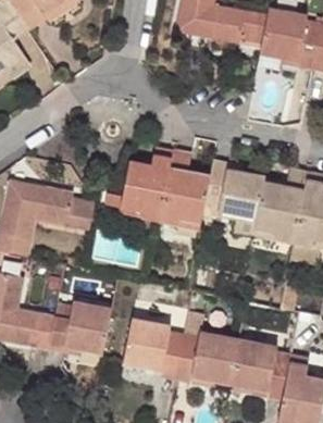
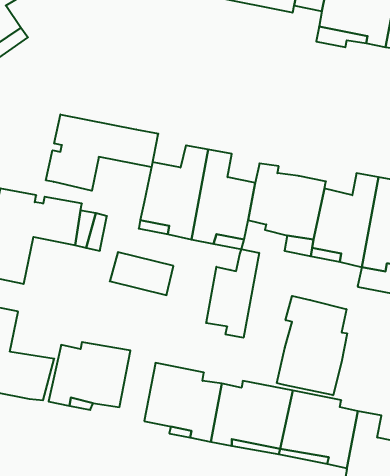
building: none -> [46,114,158,191]
building: none -> [206,249,259,338]
building: none -> [277,296,347,395]

